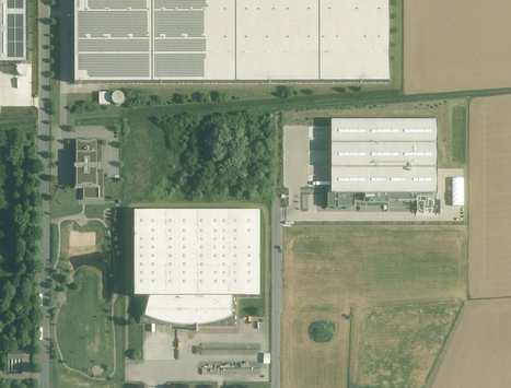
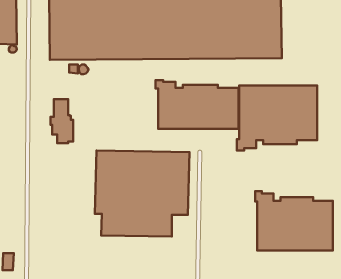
building: none -> [156,80,239,129]
building: none -> [255,191,333,251]

